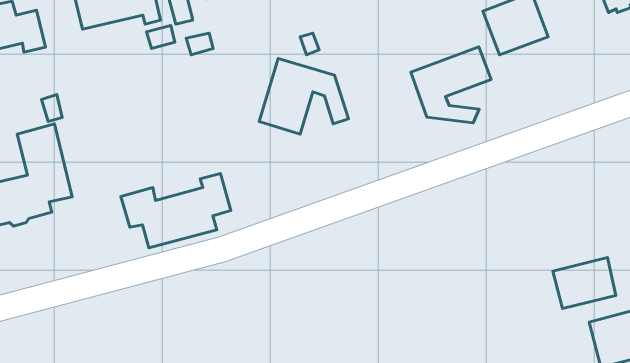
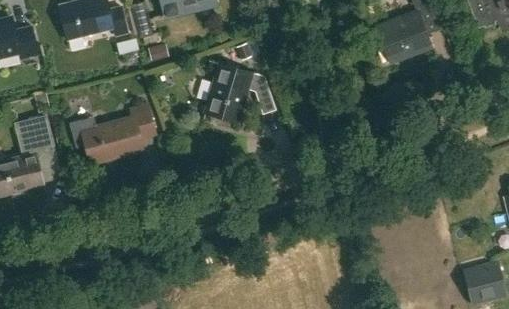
building: [411,47,491,123] -> none
building: [121,174,231,248] -> [69,105,155,163]
building: [553,258,616,308] -> none

